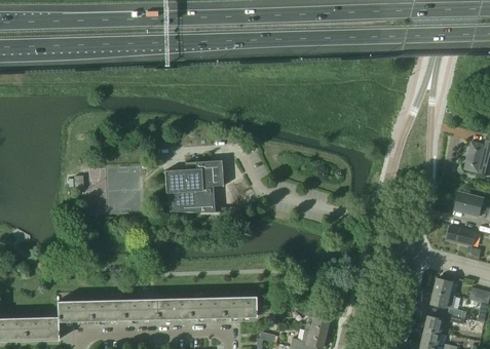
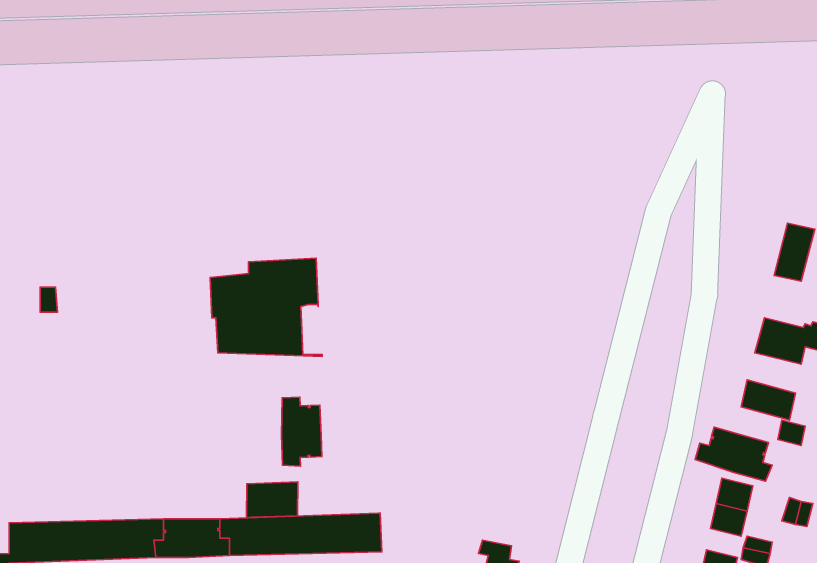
building: none -> [282,397,322,466]
building: none -> [695,427,772,481]
building: none -> [246,482,298,518]

